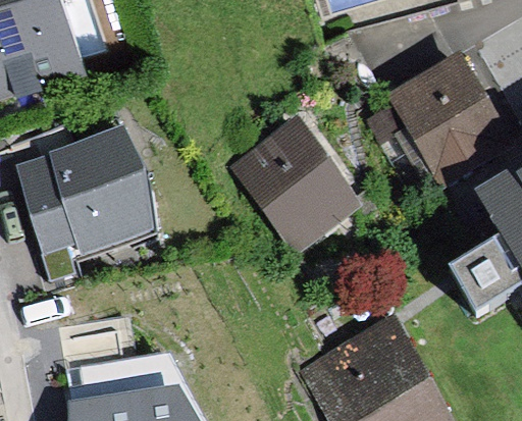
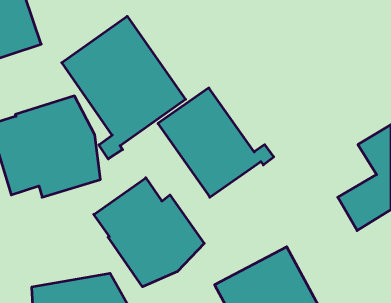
building: none -> [62,16,186,159]
building: [395,59,508,178] -> none
building: none -> [94,178,204,287]

